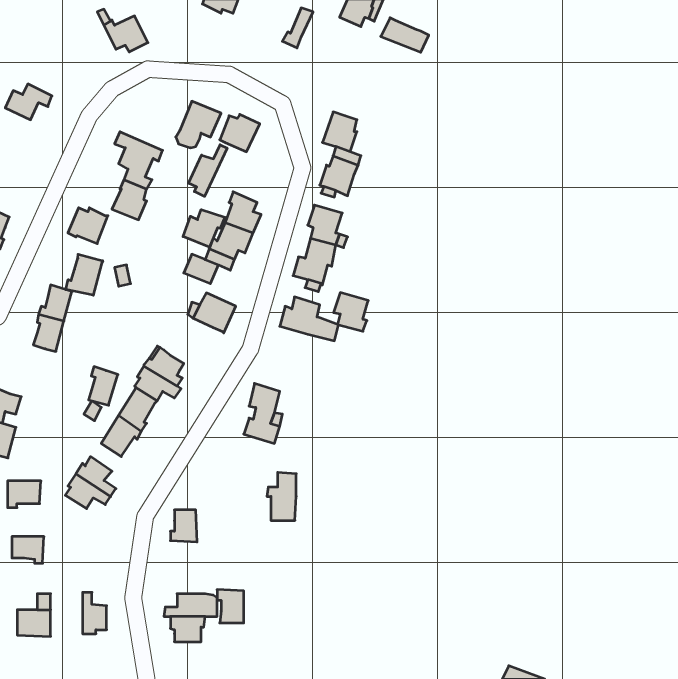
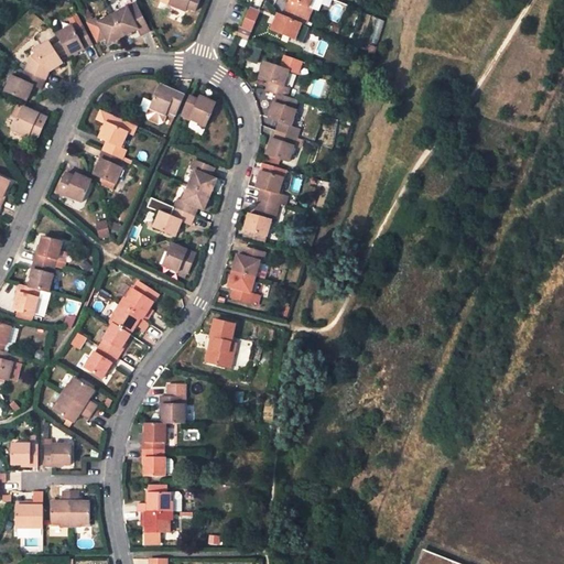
building: none -> [111,6,148,35]
building: [381,18,429,52] -> [269,12,308,41]
building: none -> [56,24,91,55]
building: none -> [23,41,61,79]
building: none -> [258,61,289,96]
building: none -> [11,106,46,137]
building: [188,145,227,196] -> none
building: [183,210,225,247] -> none
building: [66,254,103,295] -> none
building: [334,293,368,331] -> [226,270,254,302]
building: [89,367,118,405] -> [13,282,37,314]
building: [267,472,296,520] -> [159,382,183,422]
building: [8,481,41,508] -> [43,444,70,466]
building: [217,590,244,623] -> [141,447,163,475]
building: none -> [50,490,68,524]

